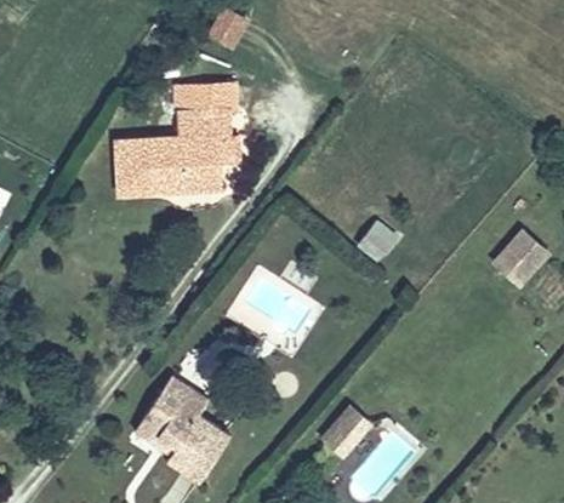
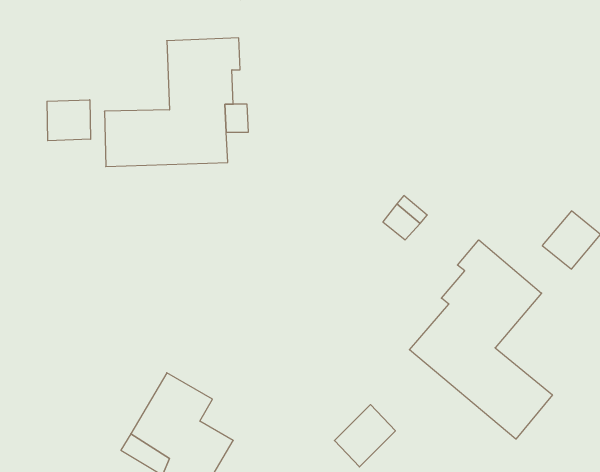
building: none -> [47,100,91,141]
building: none -> [409,240,552,439]

